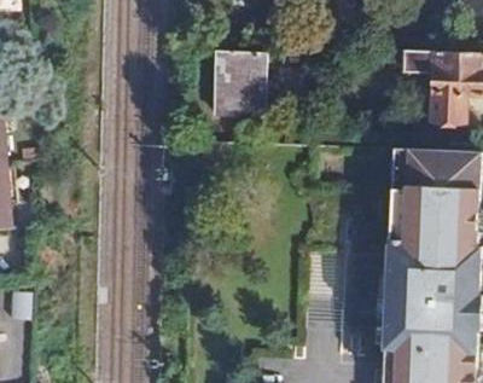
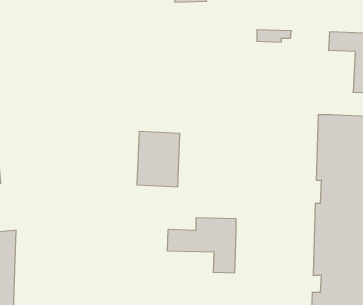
building: [214,52,264,117] -> [137,132,180,187]
building: none -> [168,218,236,273]

